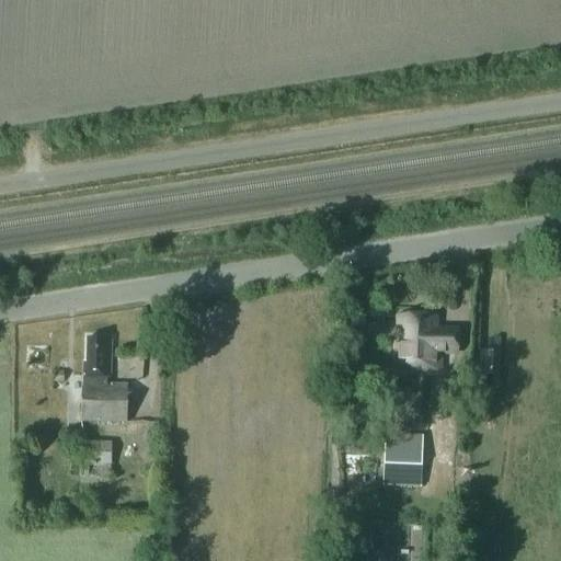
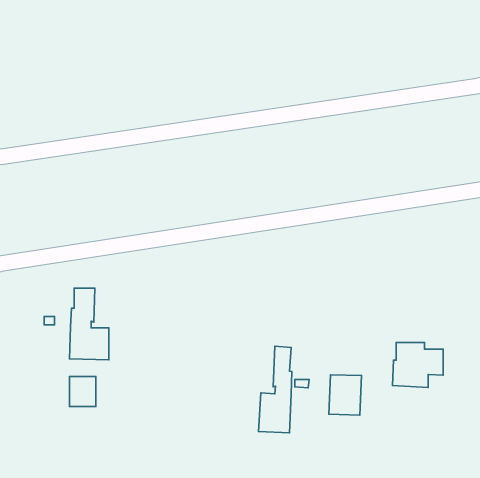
building: [398,316,457,368] -> [392,342,443,388]
building: none -> [258,346,292,433]

